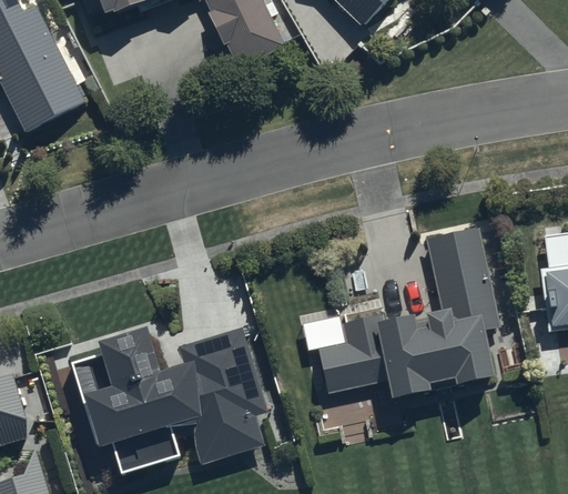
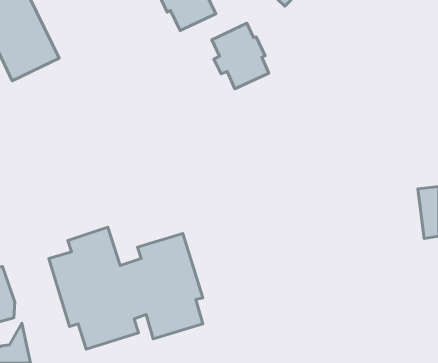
building: none -> [212,23,269,89]
building: [317,226,497,401] -> none

